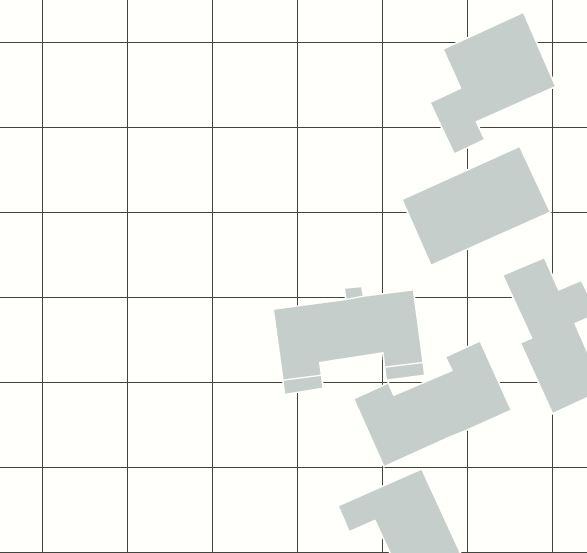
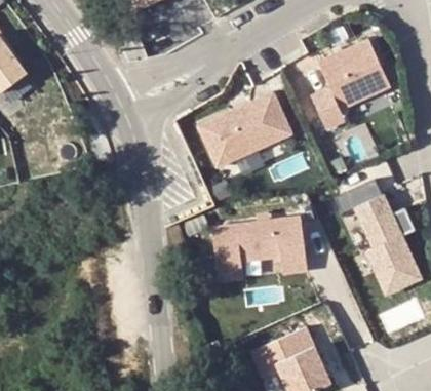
building: [402,146,550,266] -> [198,91,292,167]
building: [353,341,511,467] -> none

